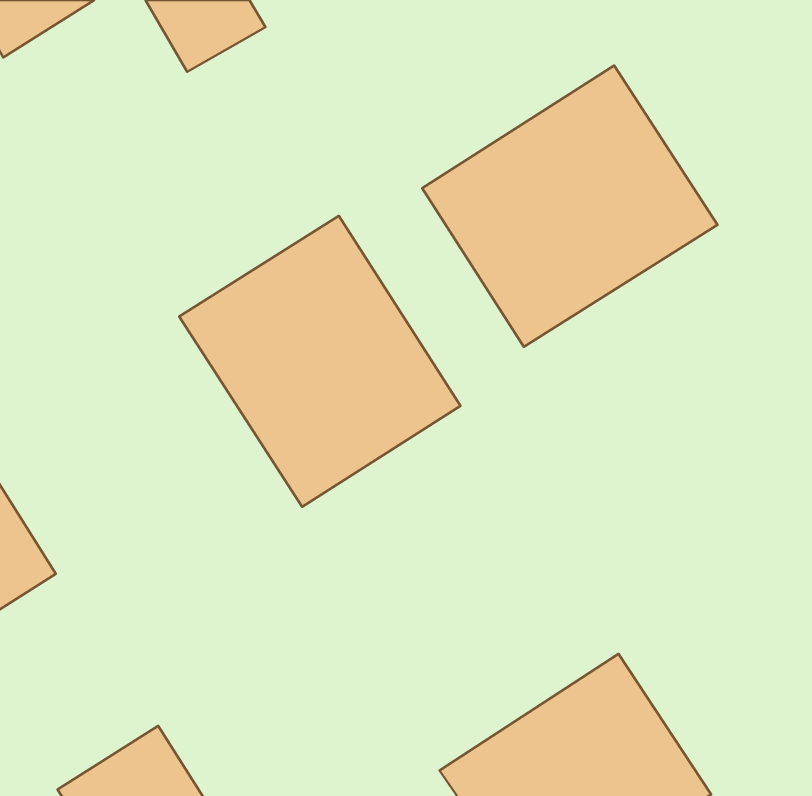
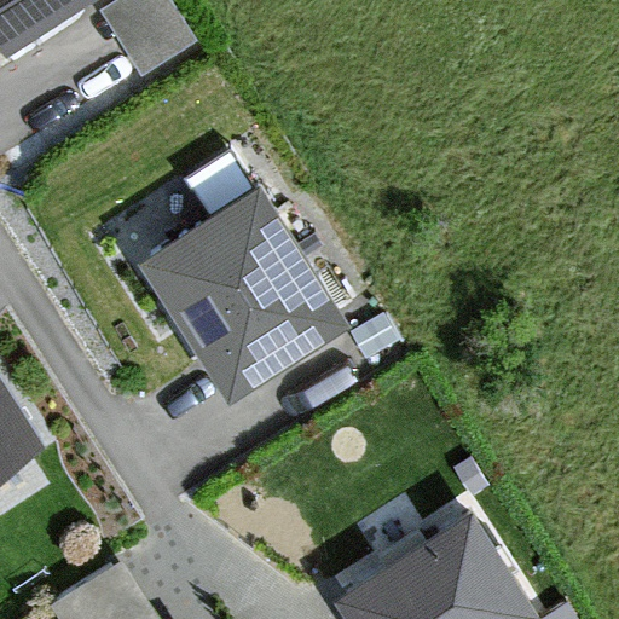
building: [422,66,717,347] -> none

